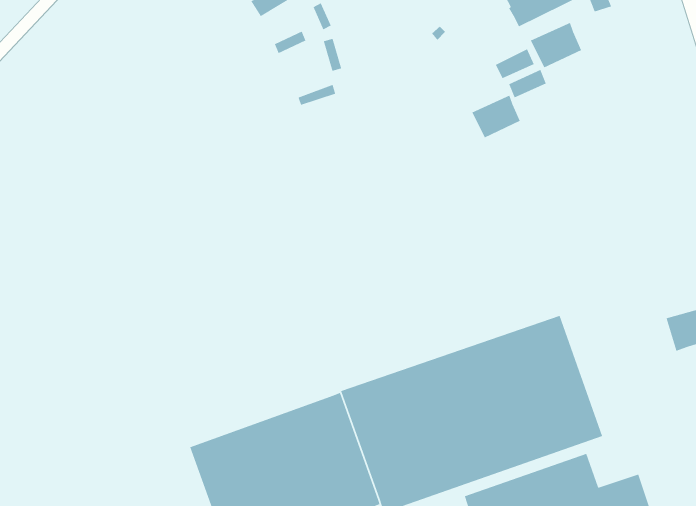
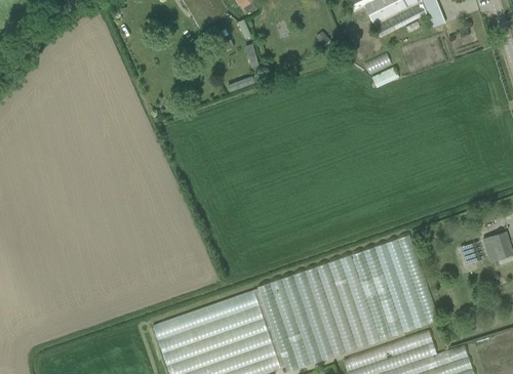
building: [530,22,582,69] -> none
building: [471,95,521,139] -> none

